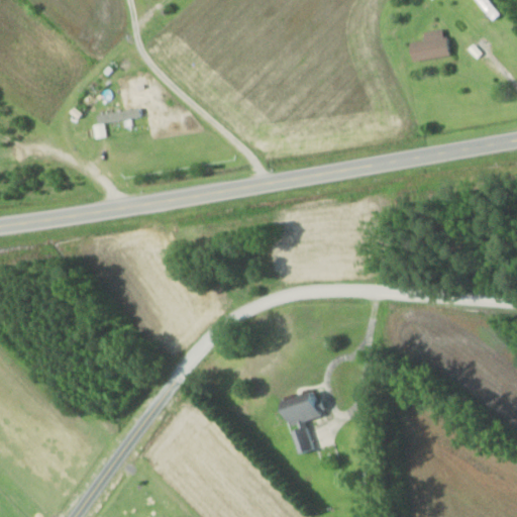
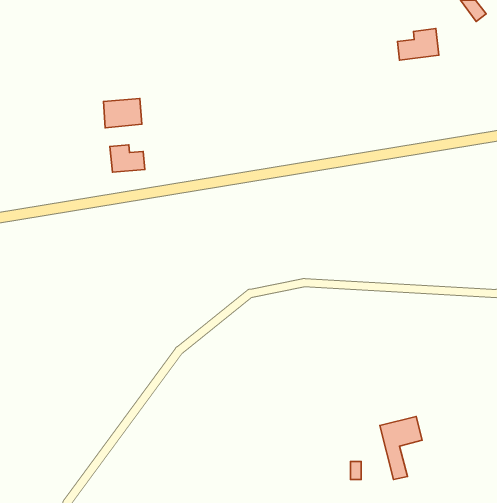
building: none -> [110,145,145,172]
building: [283,391,326,455] -> [380,417,422,480]

